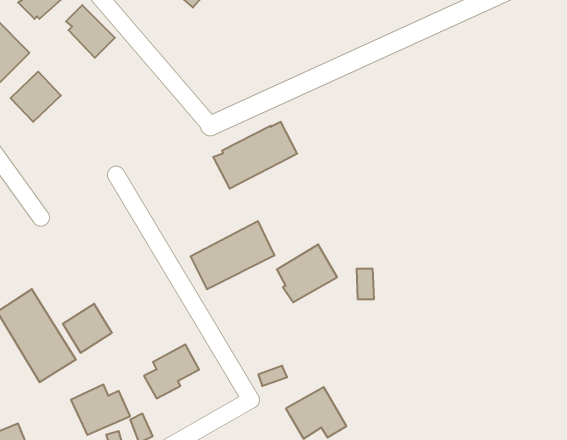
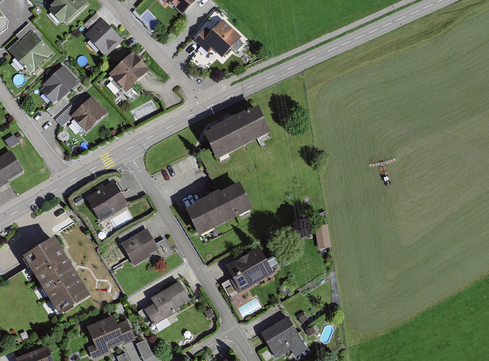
building: none -> [190,20,238,59]
building: none -> [110,51,150,91]
building: none -> [71,95,107,132]
building: none -> [83,181,125,222]
building: [277,244,337,302] -> [222,247,270,293]
building: [63,304,112,353] -> [119,227,158,266]

